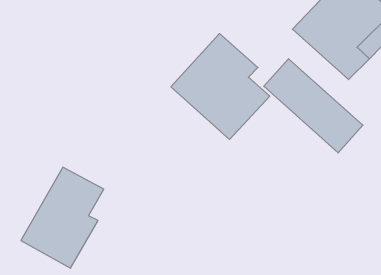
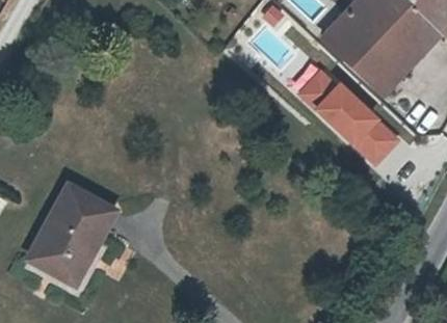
building: [171,34,270,139] -> none

